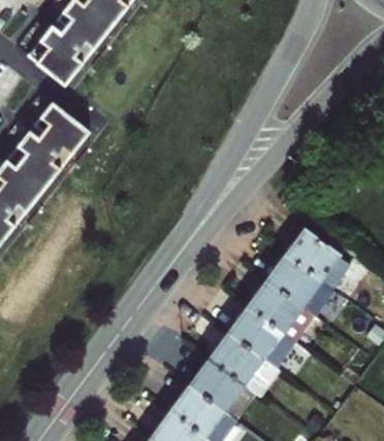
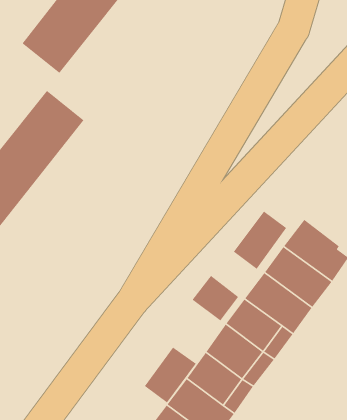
building: none -> [233,211,287,270]
building: none -> [192,275,239,322]
building: none -> [144,347,197,404]

